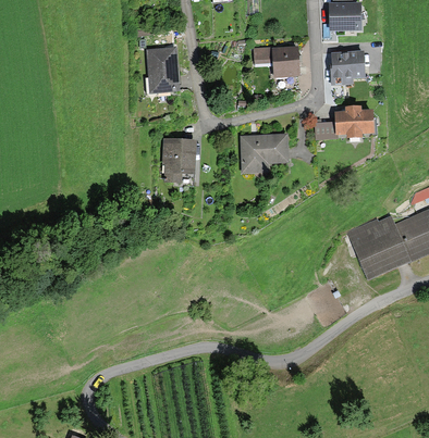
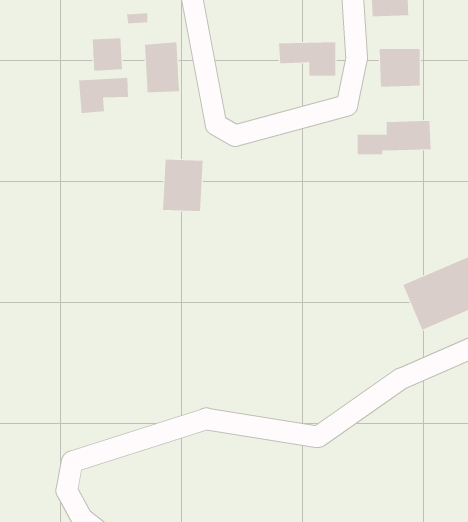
building: none -> [92,37,122,72]
building: none -> [79,77,128,114]
building: [242,135,289,171] -> none

